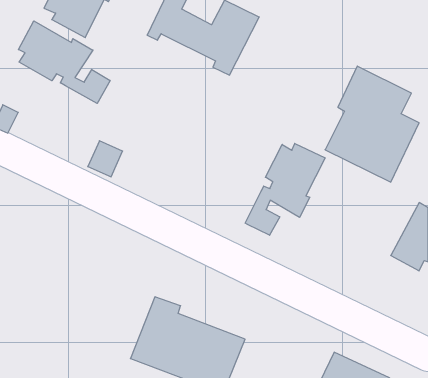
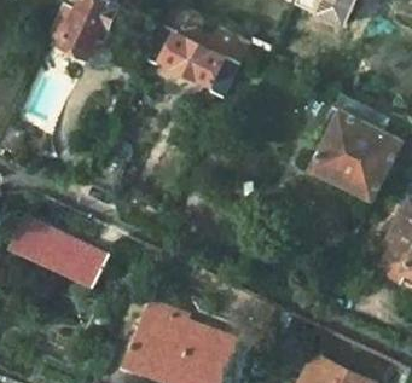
building: [18,21,110,103] -> none
building: [245,143,325,235] -> none
building: none -> [12,219,105,285]

